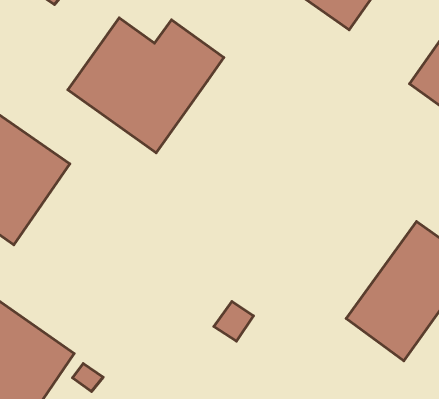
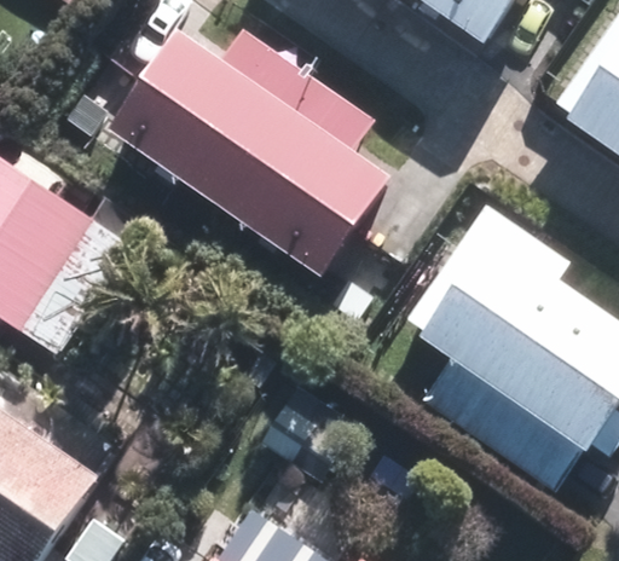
building: none -> [220,77,397,282]
building: none -> [413,233,569,428]

